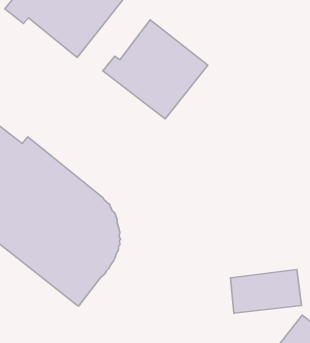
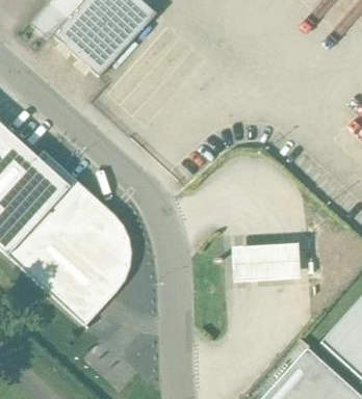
building: [103,20,208,119] -> none
building: [231,269,301,313] -> [234,247,303,287]

